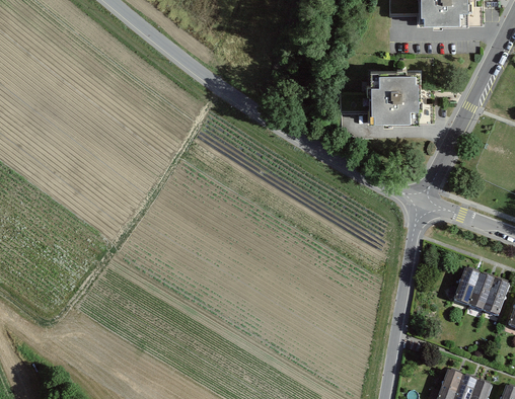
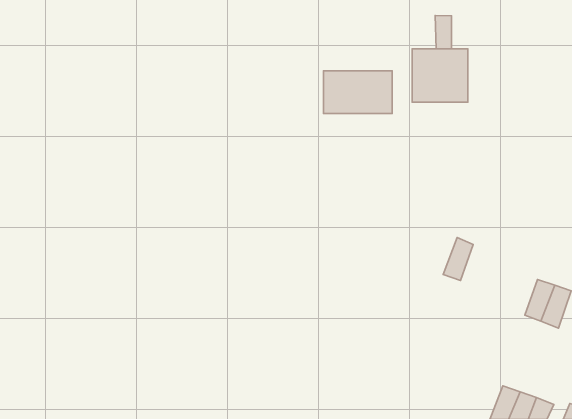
building: none -> [435,15,452,49]
building: none -> [323,71,392,113]
building: [453,269,480,307] -> [443,238,473,280]

